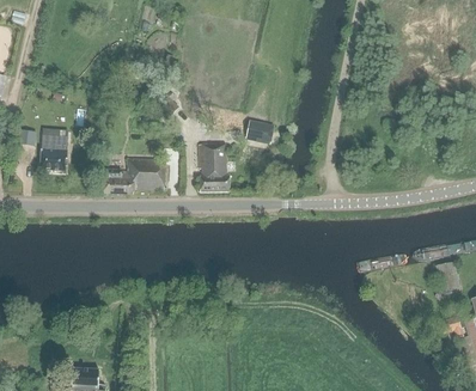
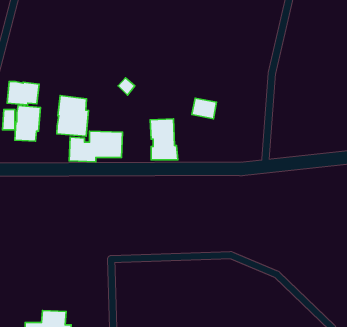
building: none -> [7,81,39,105]
building: none -> [57,96,88,136]

